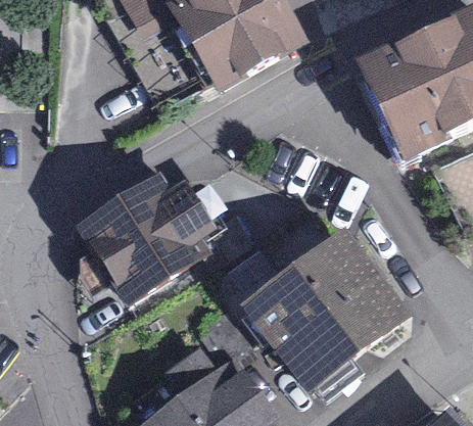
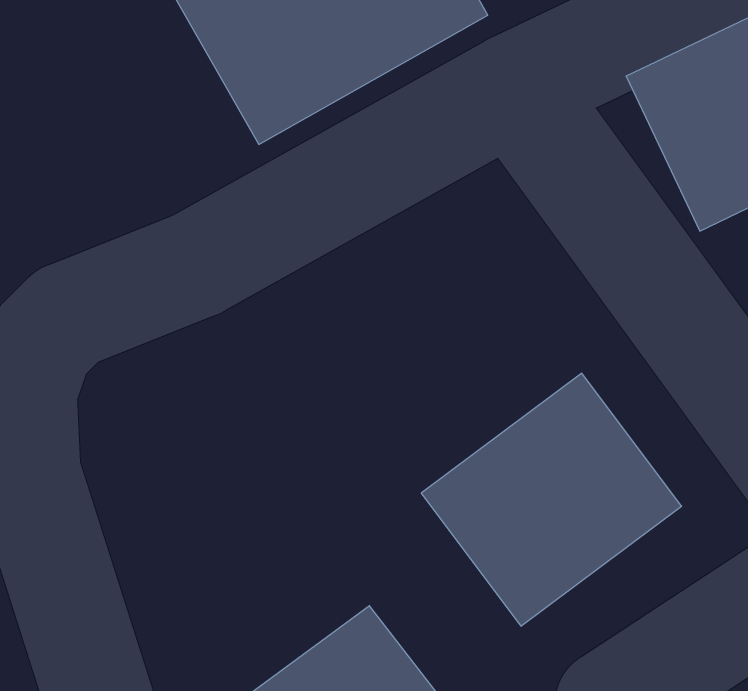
building: [89,174,209,289] -> none

